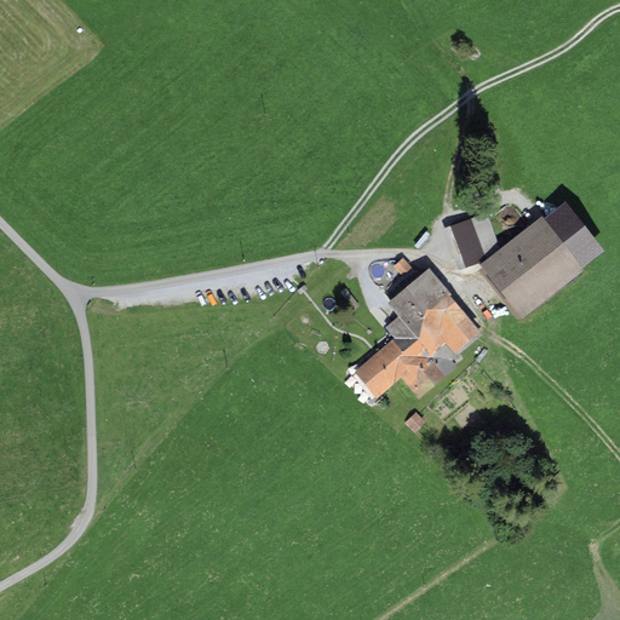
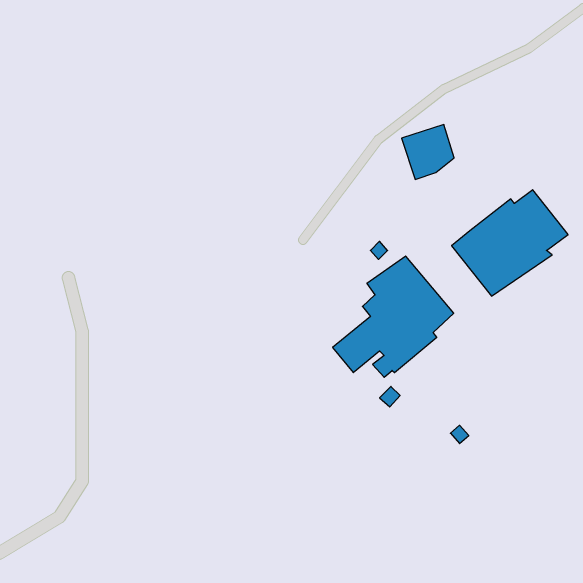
building: [442,211,498,269] -> [402,125,454,179]

